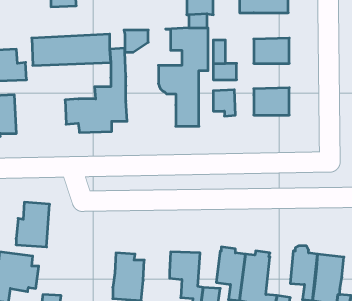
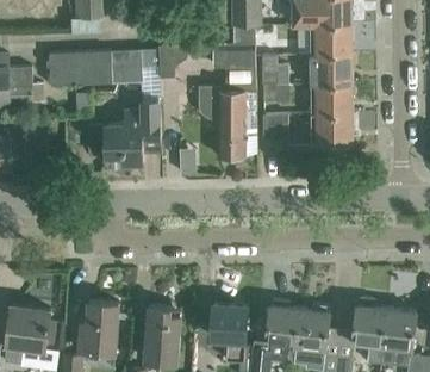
building: none -> [310,24,351,55]
building: none -> [310,83,351,113]
building: [16,202,50,247] -> [79,300,118,353]

